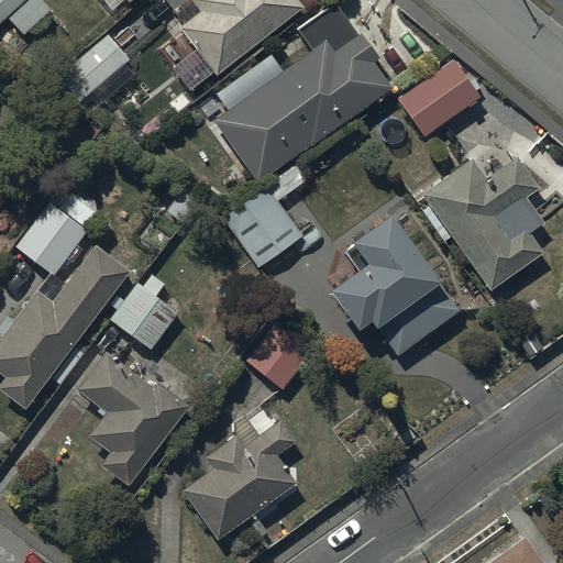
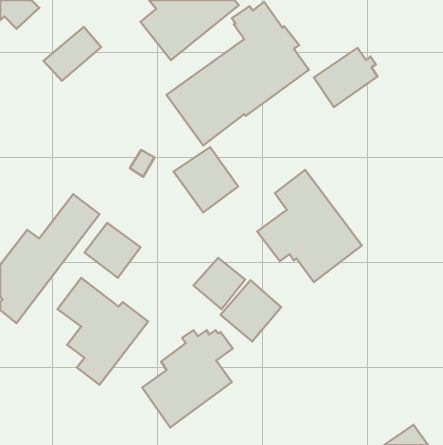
building: [423,157,544,290] -> none
building: [14,185,98,276] -> none
building: none -> [220,280,281,342]

